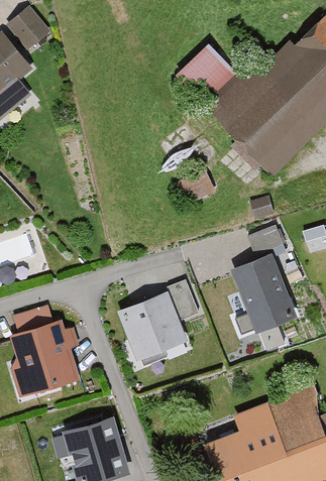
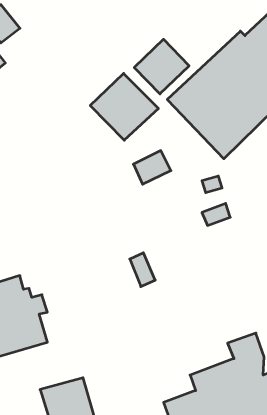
building: none -> [90,73,158,140]
building: [231,254,296,331] -> none
building: [115,291,187,365] -> none

